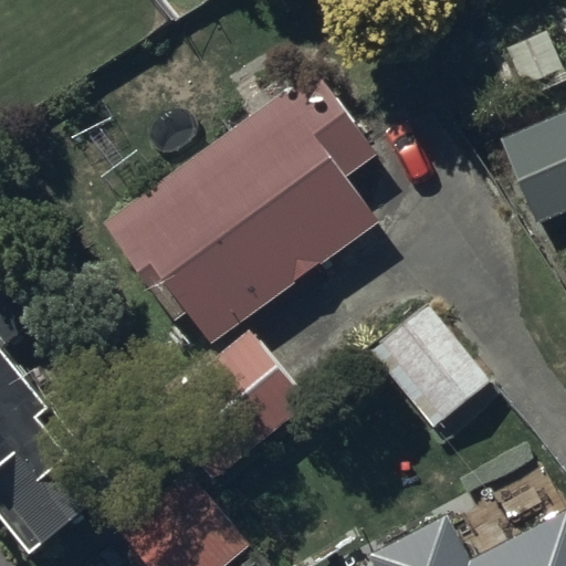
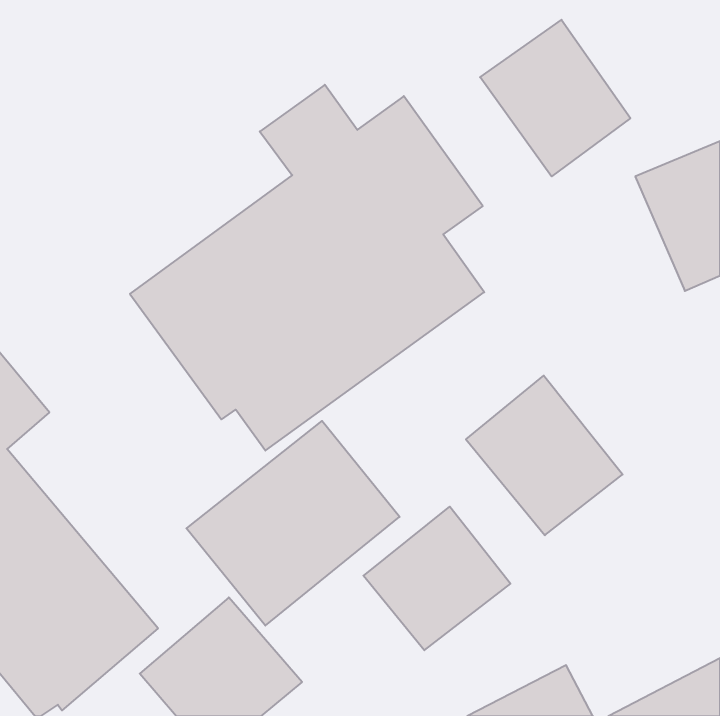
building: none -> [480,20,630,176]
building: none -> [363,507,510,650]

